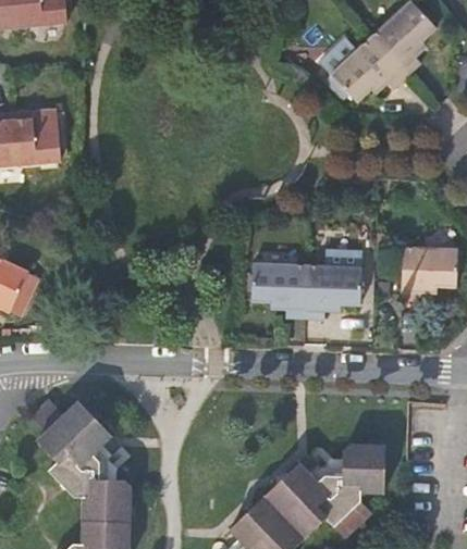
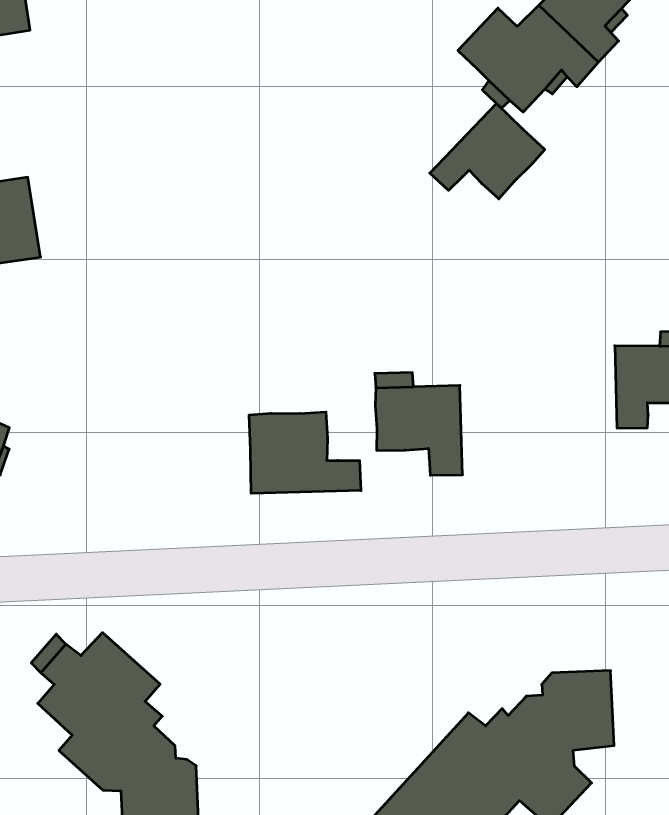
building: none -> [430,103,545,199]
building: [305,249,364,319] -> none
building: none -> [249,412,361,493]

